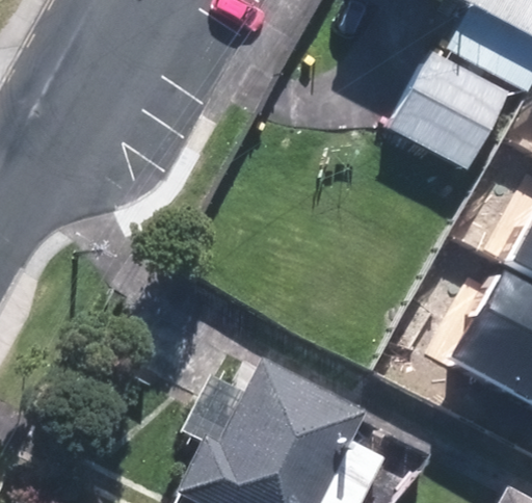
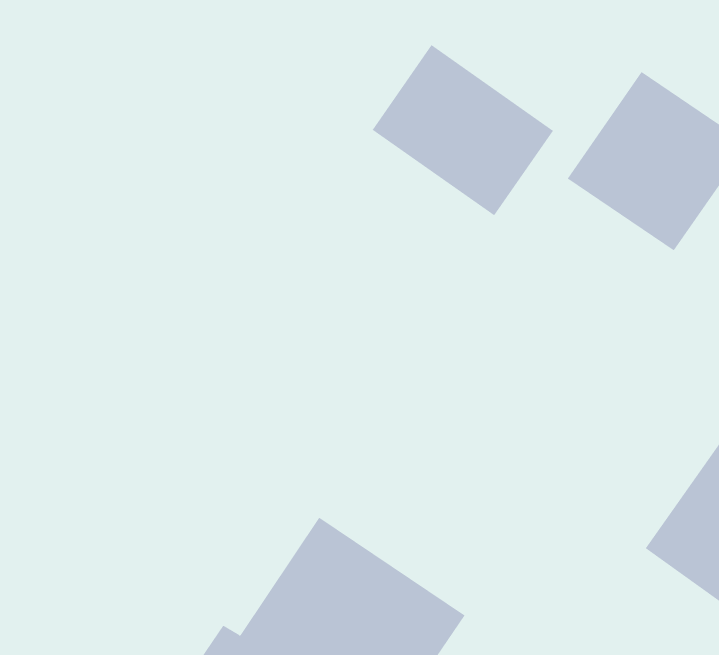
building: none -> [372,44,554,216]

